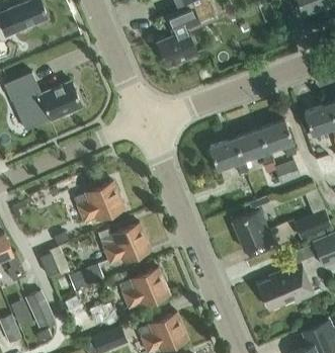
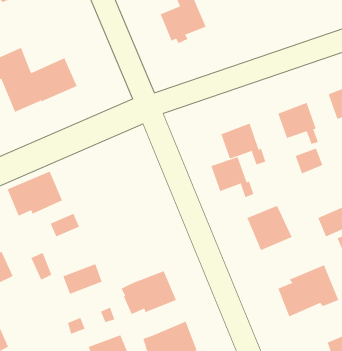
building: [234,130,272,167] -> [211,157,254,198]
building: [74,182,123,223] -> [7,171,63,217]
building: [97,224,150,264] -> none
building: [24,290,54,328] -> none

